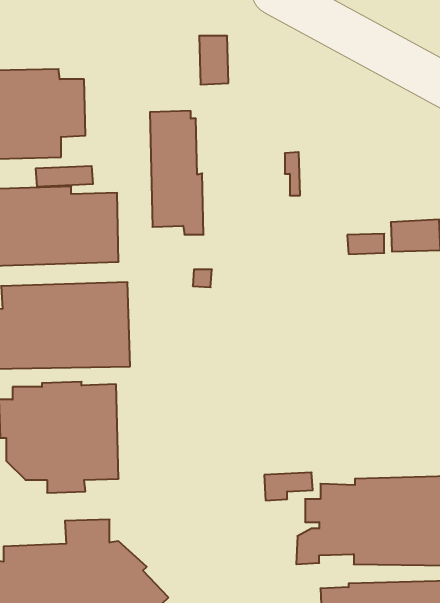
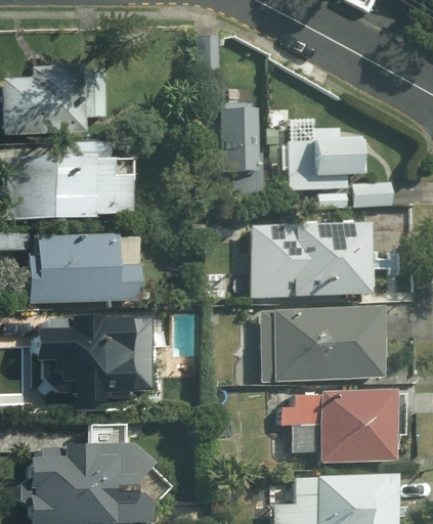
building: [150,111,204,235] -> [218,104,261,204]
building: none -> [287,121,367,192]
building: none -> [251,220,373,296]
building: none -> [263,305,386,382]

